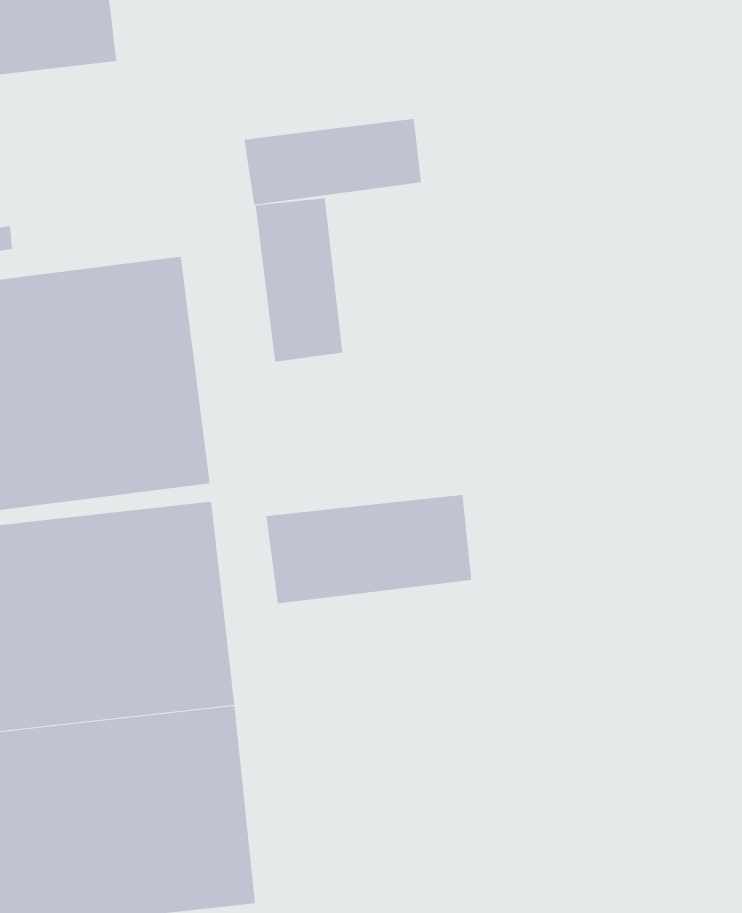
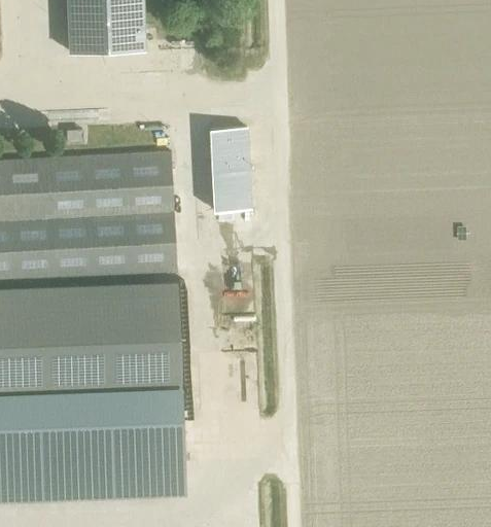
building: [244,118,421,205] -> none
building: [266,494,472,604] -> none

